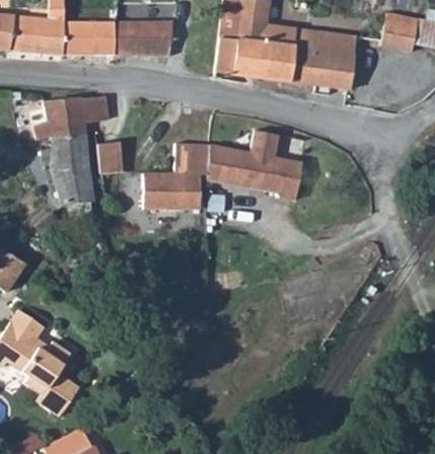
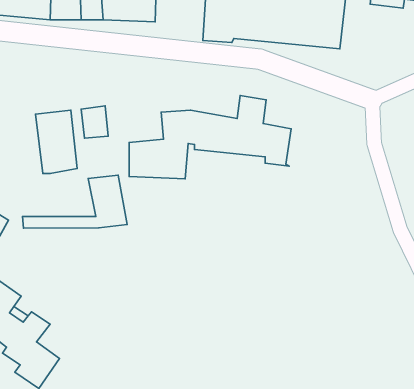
building: [38,98,113,148] -> none
building: none -> [22,175,127,228]

